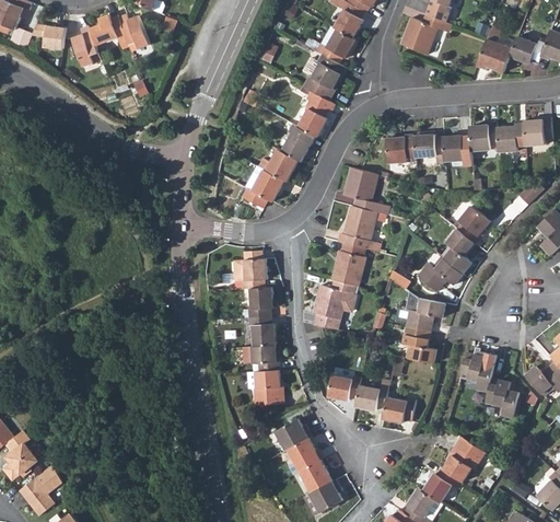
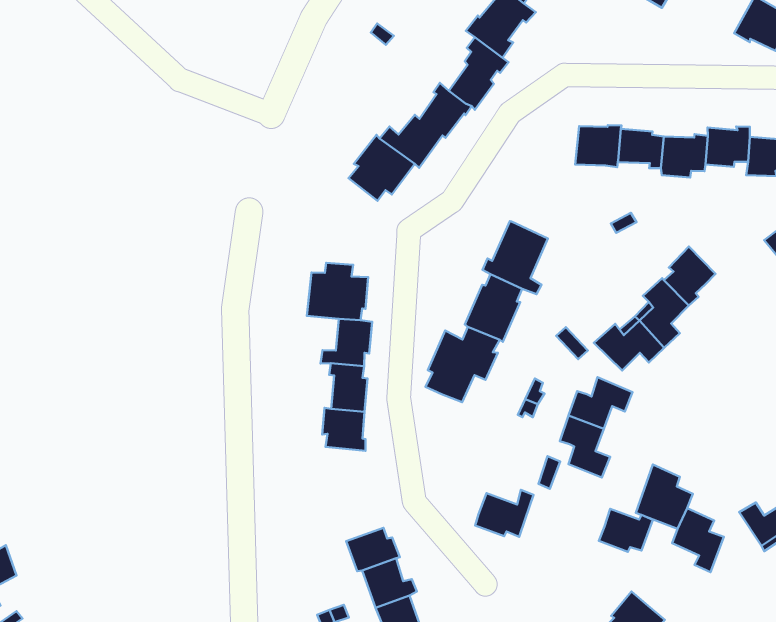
building: [342,169,383,216] -> none
building: [249,369,282,404] -> none
building: [329,376,361,402] -> none
building: [383,398,416,425] -> [599,509,653,552]

